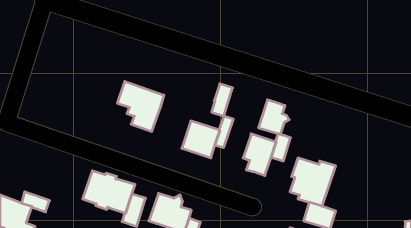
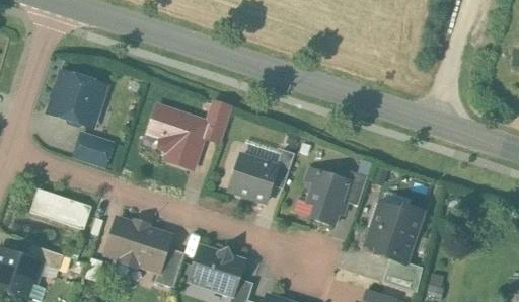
building: none -> [50,72,103,126]
building: [212,84,233,116] -> [203,101,229,142]
building: [259,100,289,134] -> none
building: none -> [73,133,112,165]
building: none -> [29,188,91,229]

